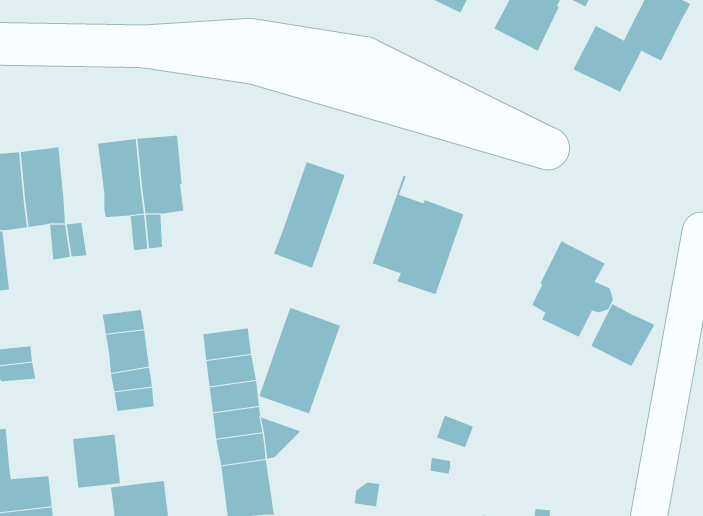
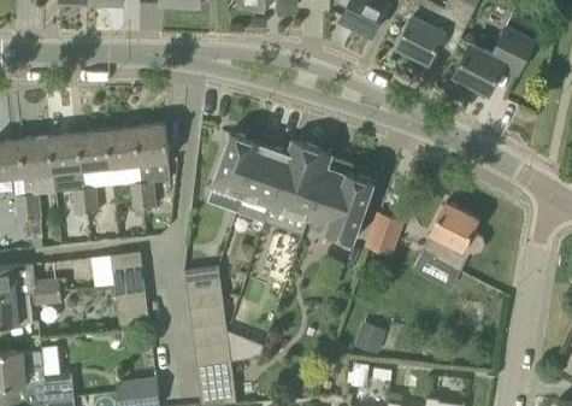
building: none -> [78,131,111,171]
building: none -> [211,133,259,196]
building: none -> [366,216,401,255]
building: [591,303,655,367] -> none
building: [259,307,341,414] -> [270,141,330,219]
building: [72,434,120,489] -> none

